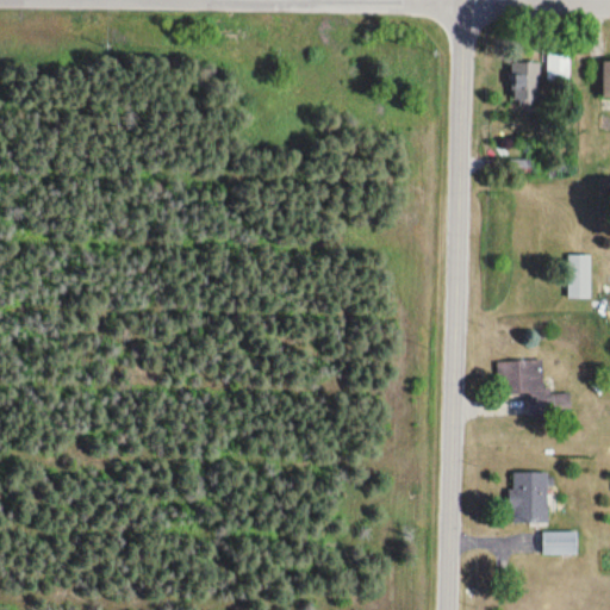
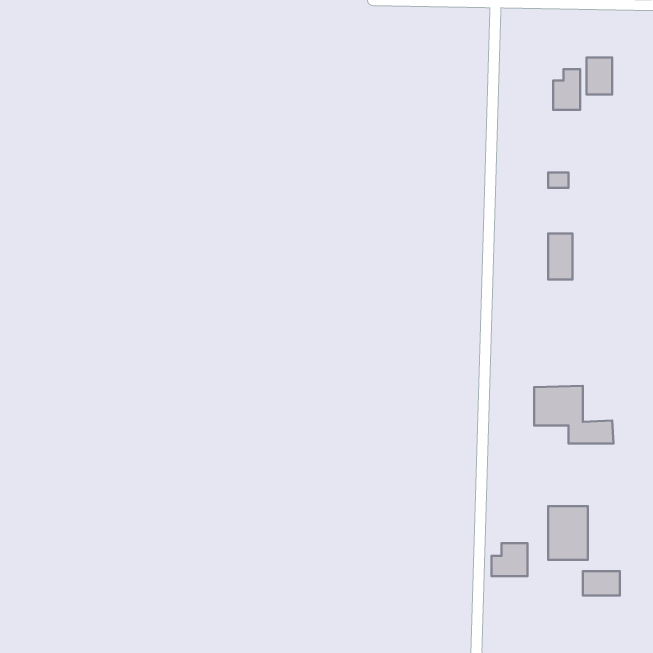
building: [567,255,590,298] -> [548,234,572,280]
building: none -> [491,543,527,576]

